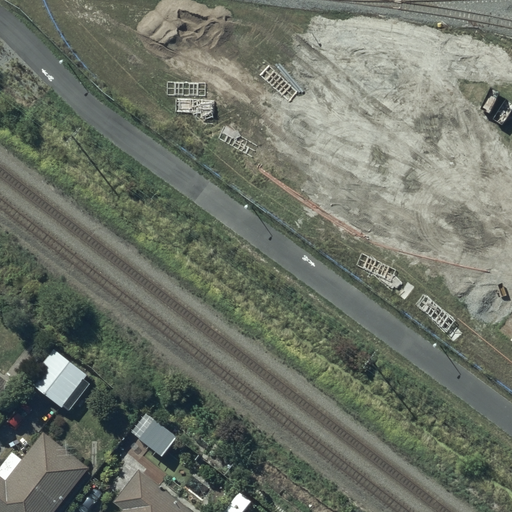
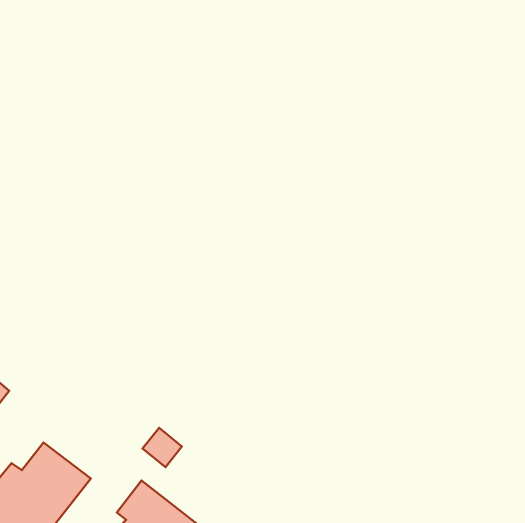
building: [27,348,93,413] -> none

